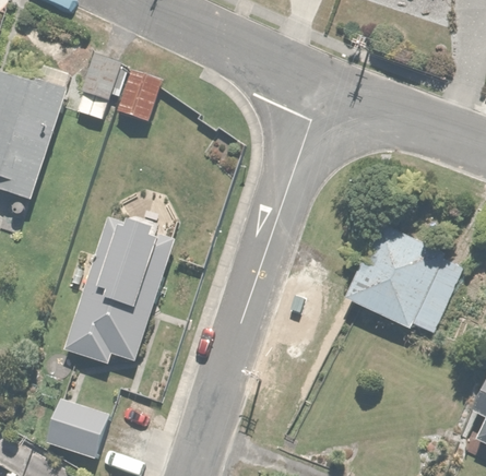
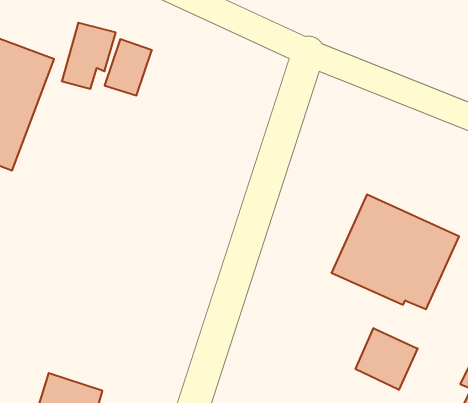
building: [60,212,176,364] -> none
building: none -> [356,328,418,390]

